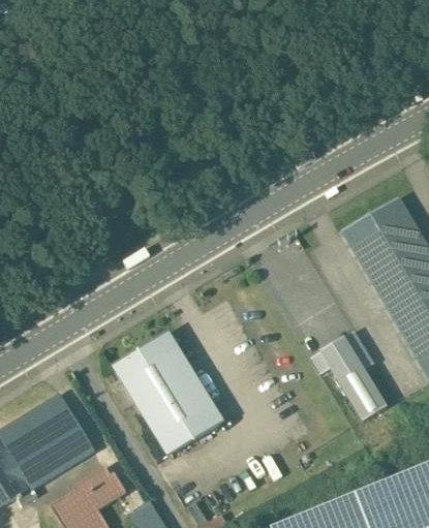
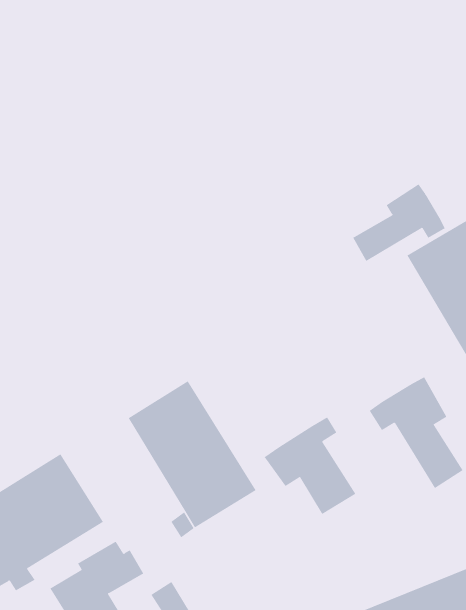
building: none -> [353,183,446,262]
building: none -> [264,417,356,515]

